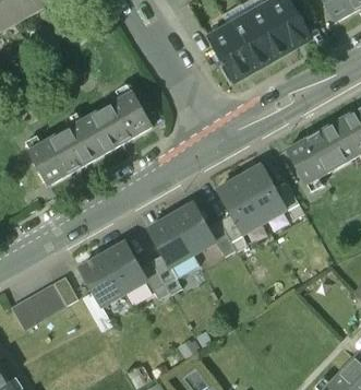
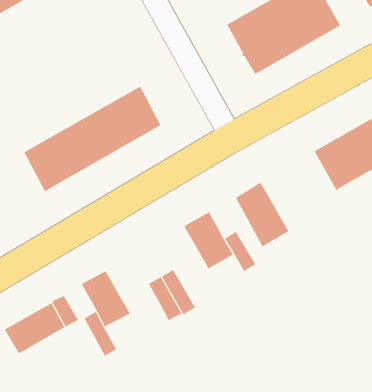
building: [240,164,287,220] -> none
building: [148,215,193,267] -> none
building: [103,241,147,293] -> none

